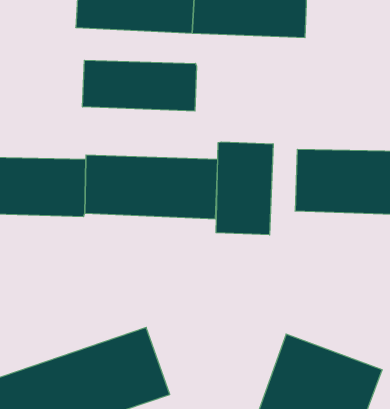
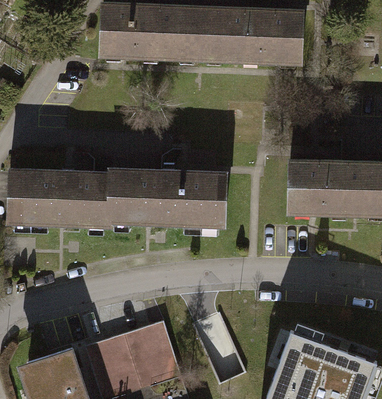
building: [83,60,197,111] -> none
building: [216,142,273,235] -> none

